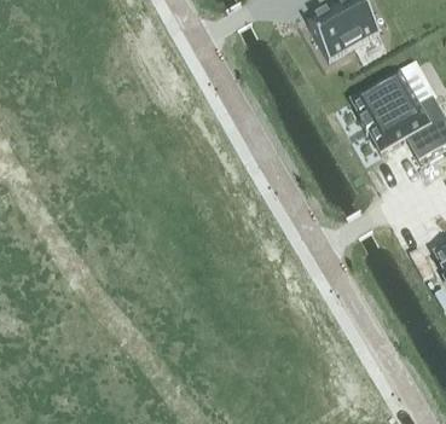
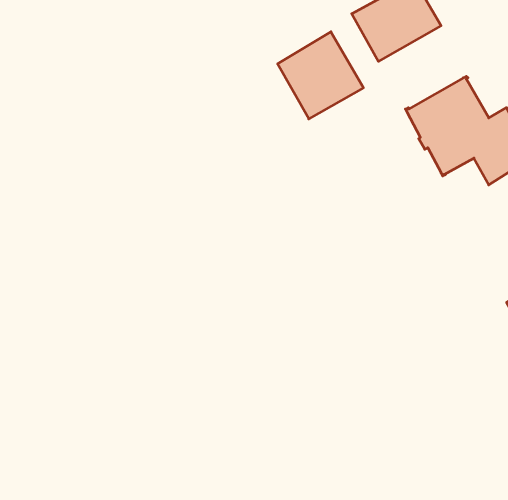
building: none -> [278,32,363,119]

